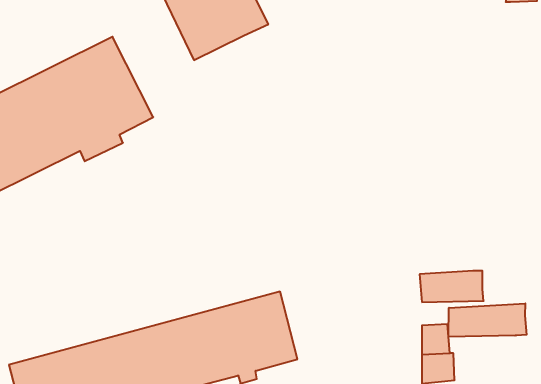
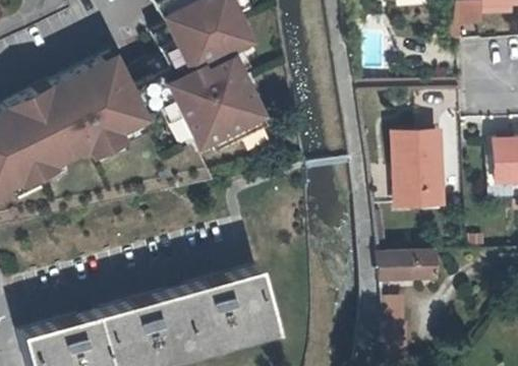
building: none -> [162,47,262,146]
building: none -> [399,132,444,203]
building: [449,303,527,337] -> none

